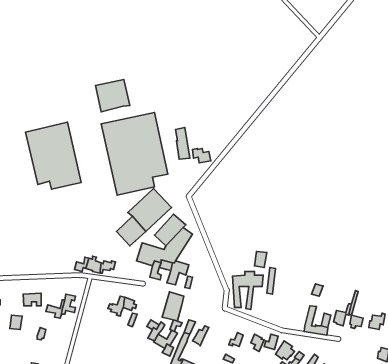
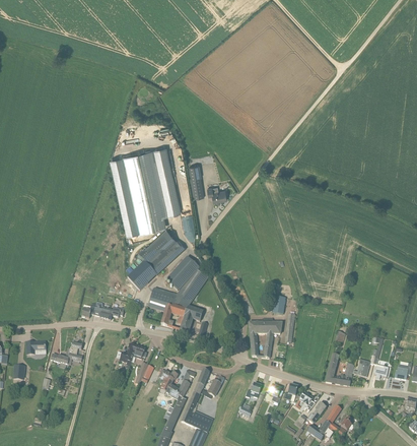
building: [95,79,130,112] -> none
building: [25,122,81,189] -> none
building: [162,292,184,321] -> none

